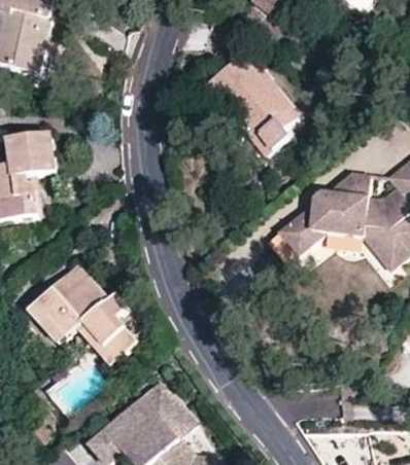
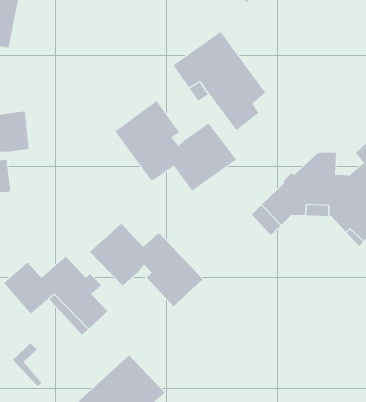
building: none -> [114,100,237,191]
building: none -> [89,223,203,307]
building: [50,261,93,302] -> none

